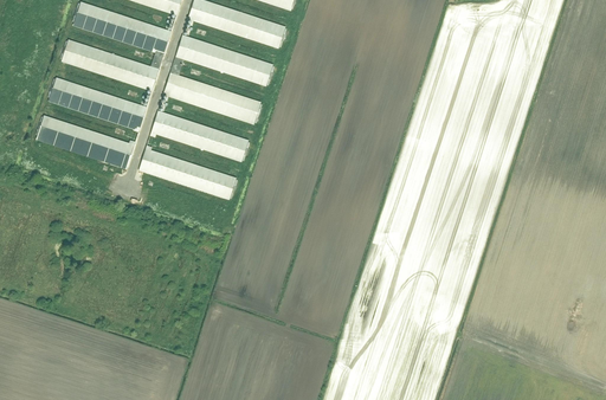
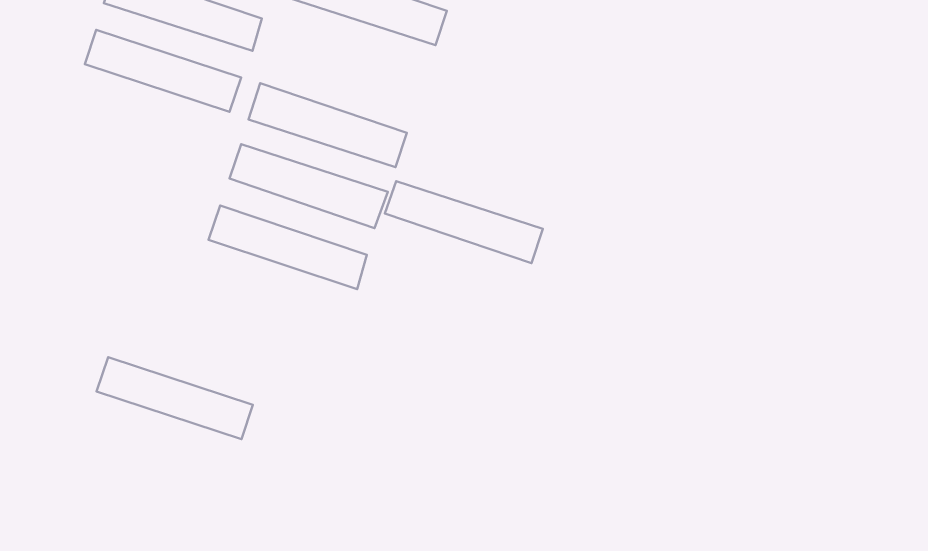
building: [174,37,272,88] -> [385,181,543,263]
building: [49,78,146,129] -> none
building: [36,116,133,167] -> [97,357,253,439]

